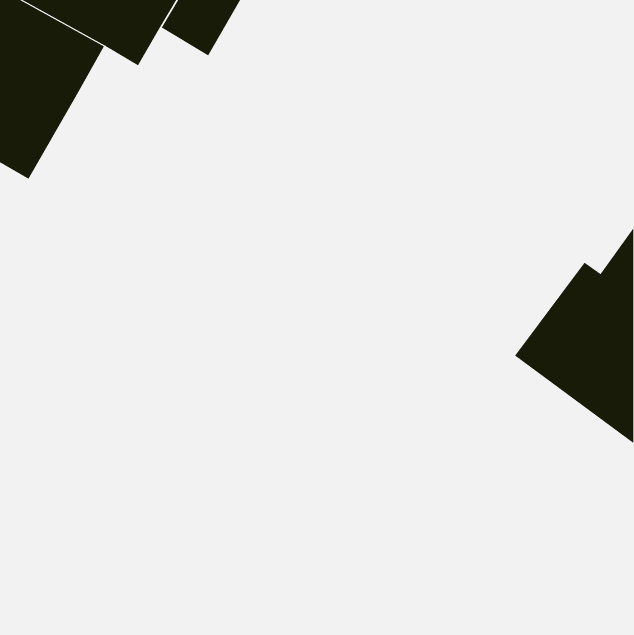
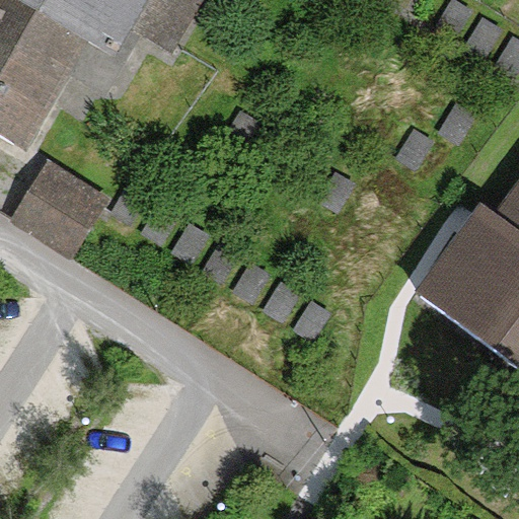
building: none -> [13,161,108,256]

